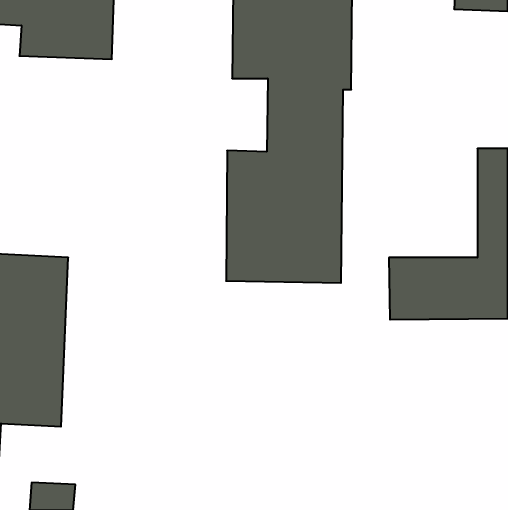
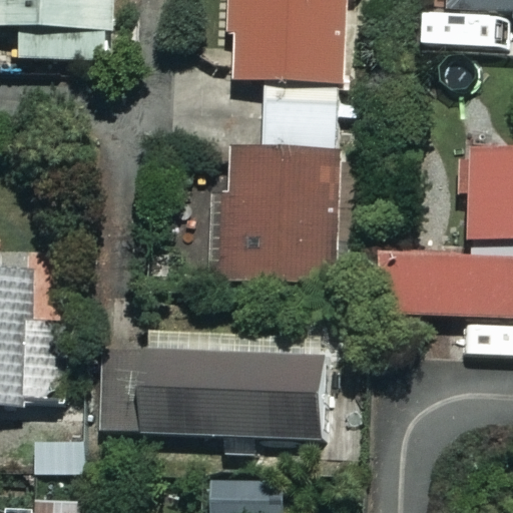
building: none -> [97,349,323,437]

